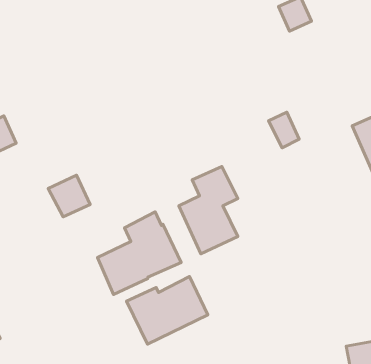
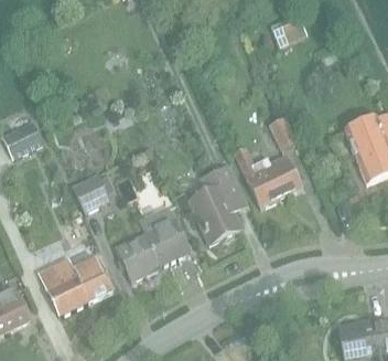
building: none -> [235,148,302,208]
building: [127,277,208,344] -> [41,254,114,315]

